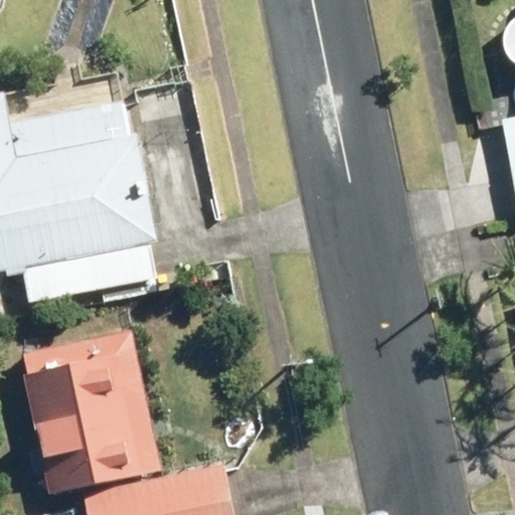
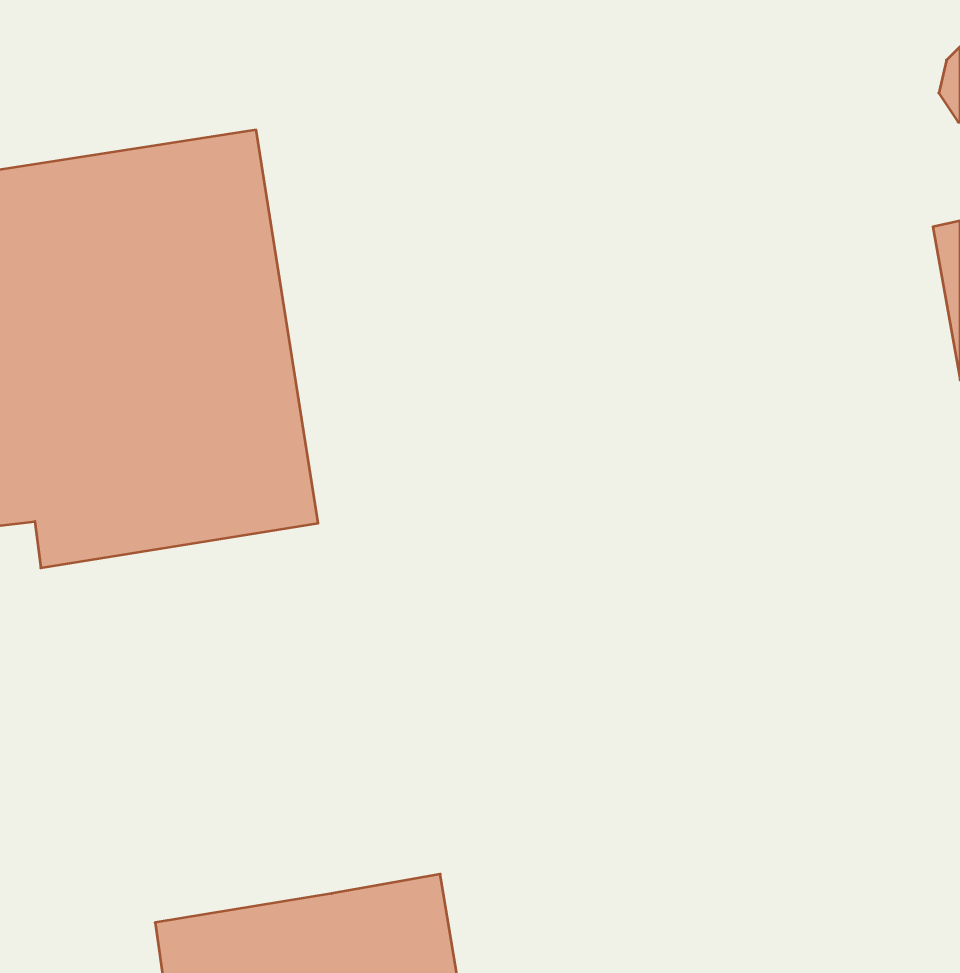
building: [19,337,172,495] -> none

